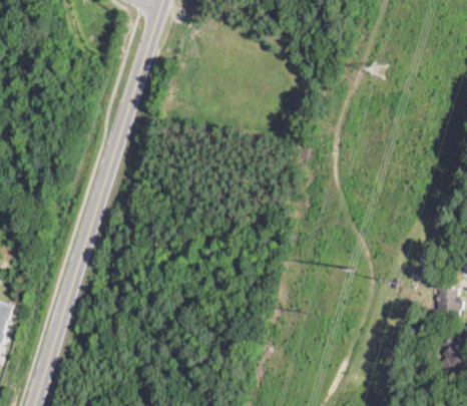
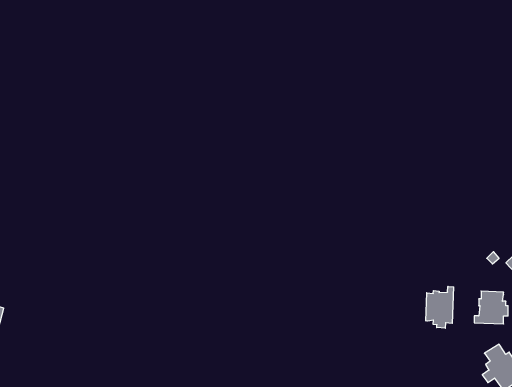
building: none -> [426,286,454,328]

